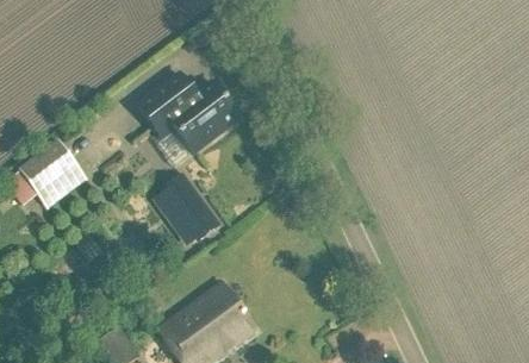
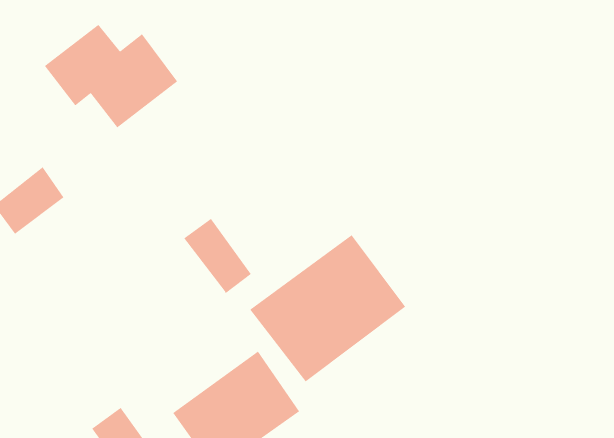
building: [138,75,241,155] -> [44,24,178,128]
building: none -> [249,234,406,383]

